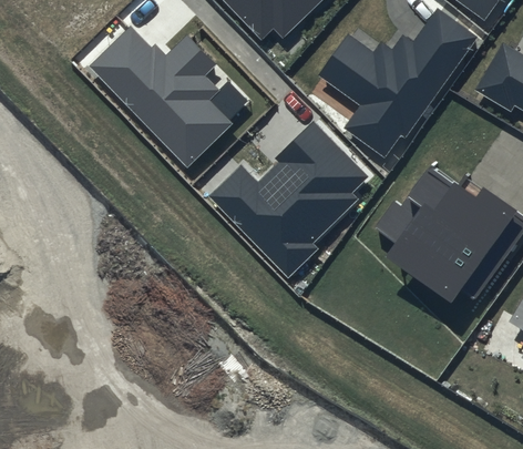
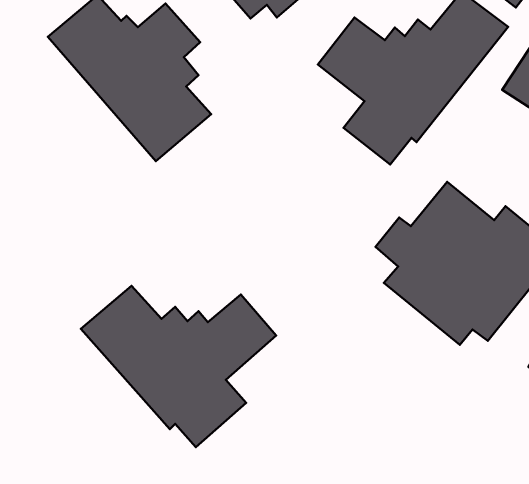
building: [209,121,369,277] -> none
building: none -> [81,286,276,447]

